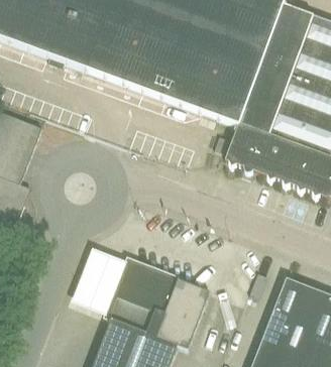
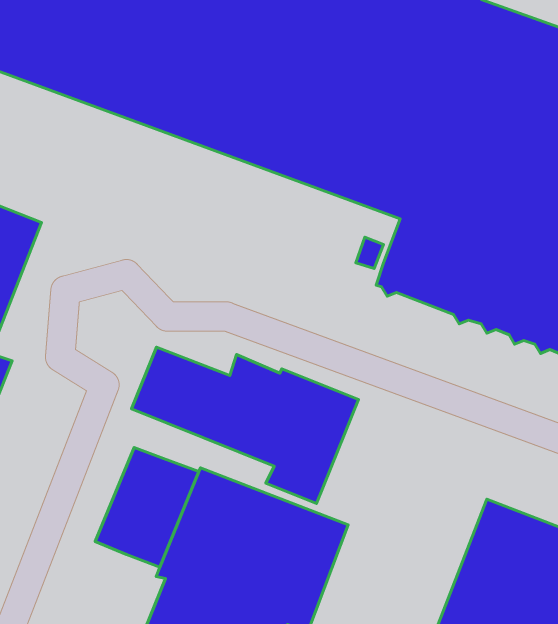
building: none -> [131,347,358,503]

